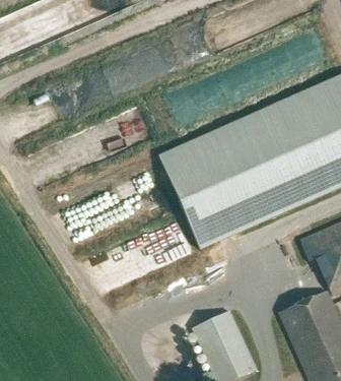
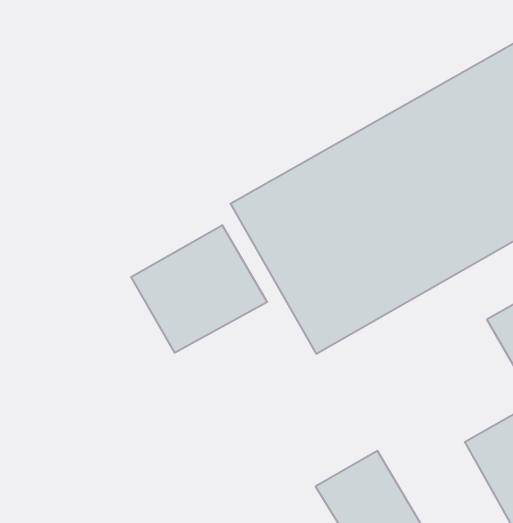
building: none -> [131,225,267,353]

